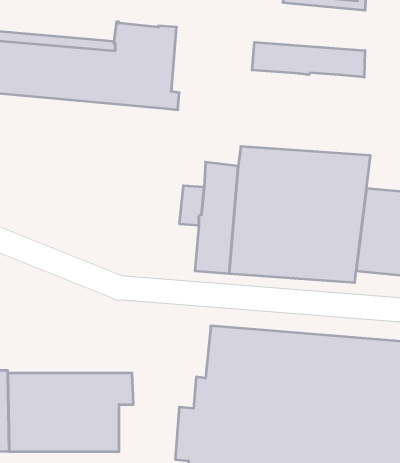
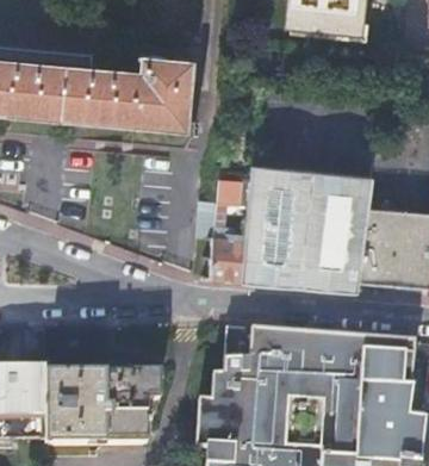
building: [252,42,365,77] -> none

